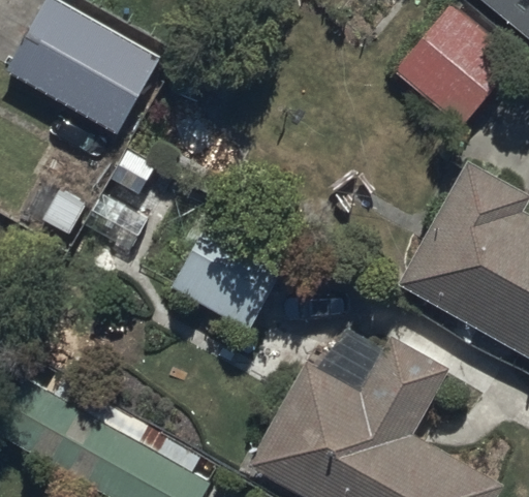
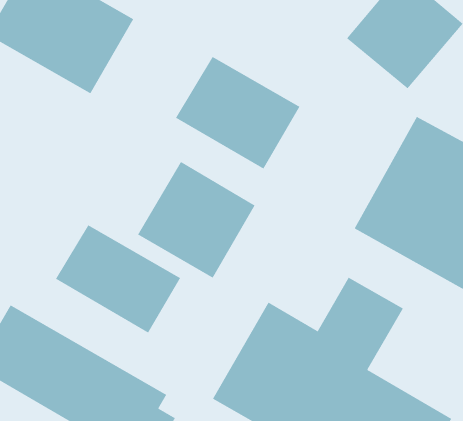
building: none -> [175,56,300,170]
building: none -> [55,224,181,334]

